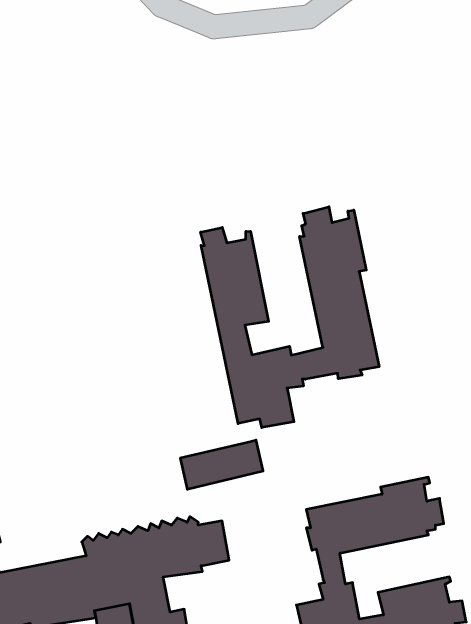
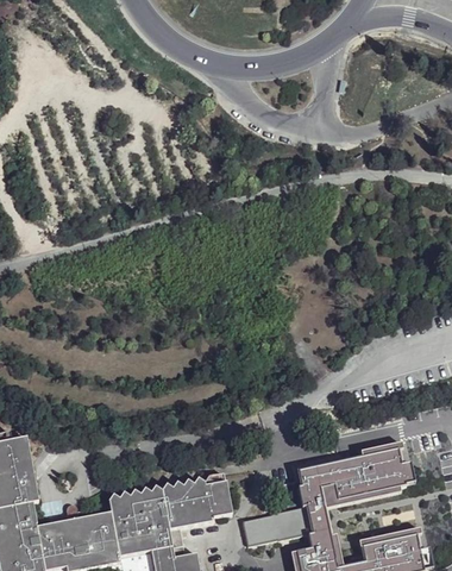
building: [201,207,379,428] -> none
building: [180,440,263,489] -> [243,503,313,545]

